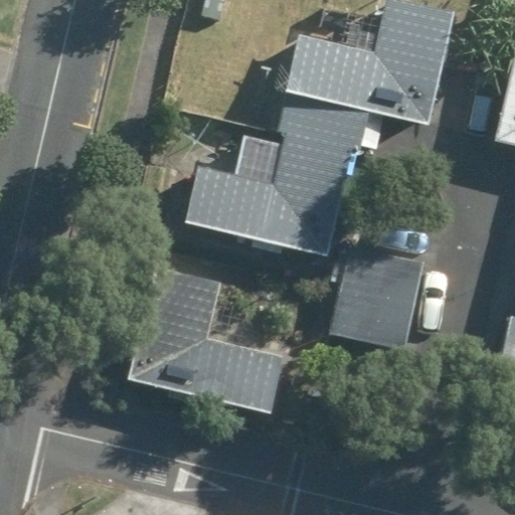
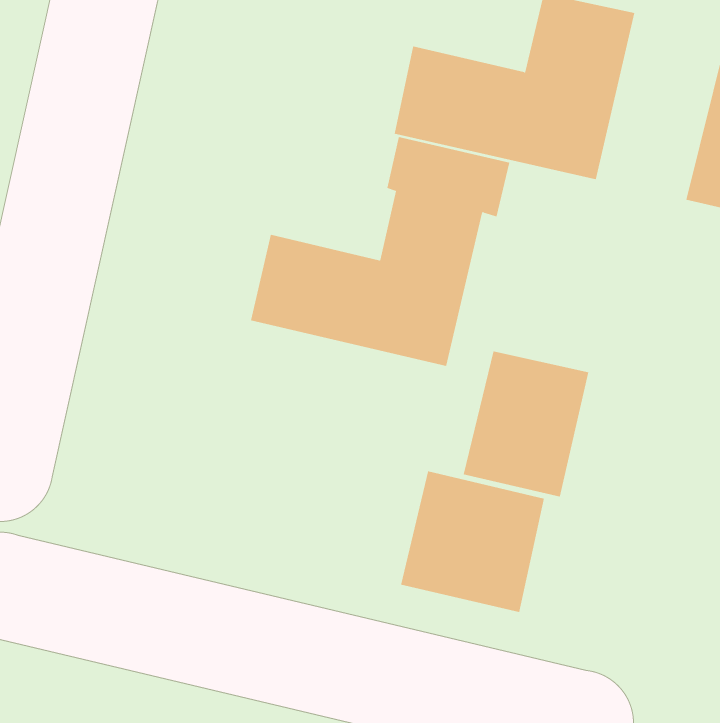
building: [129,265,285,414] -> none
building: none -> [401,470,545,613]

